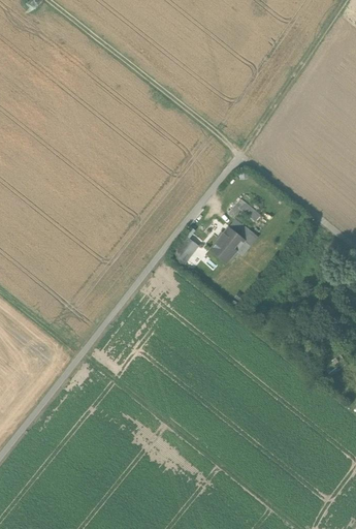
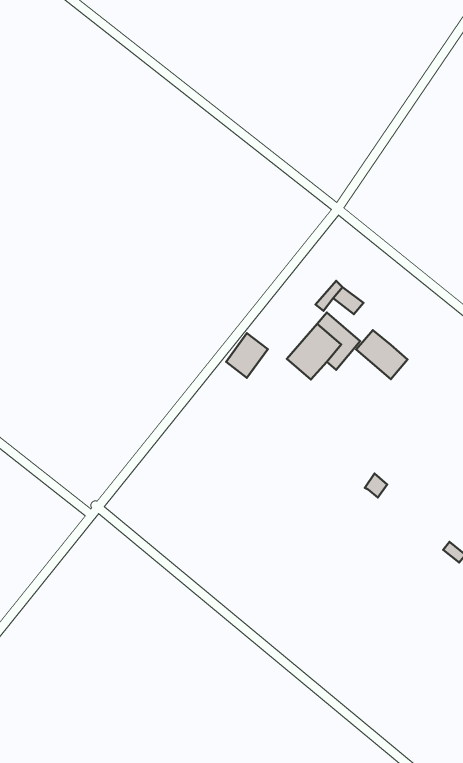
building: none -> [356,330,407,379]

